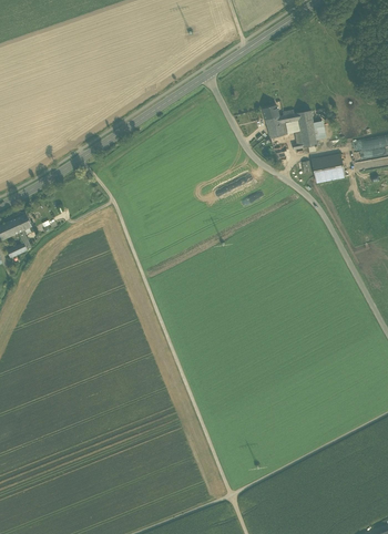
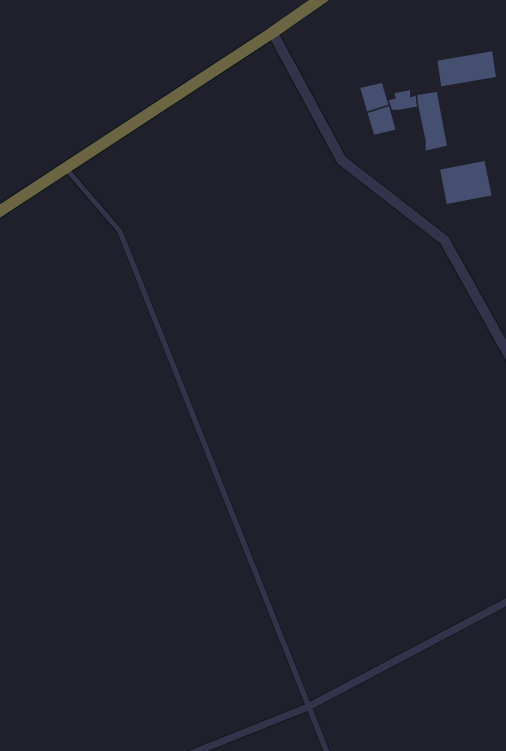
building: none -> [436,51,497,87]

